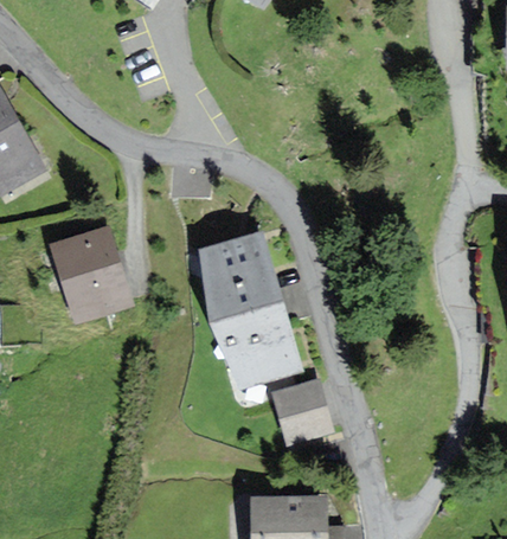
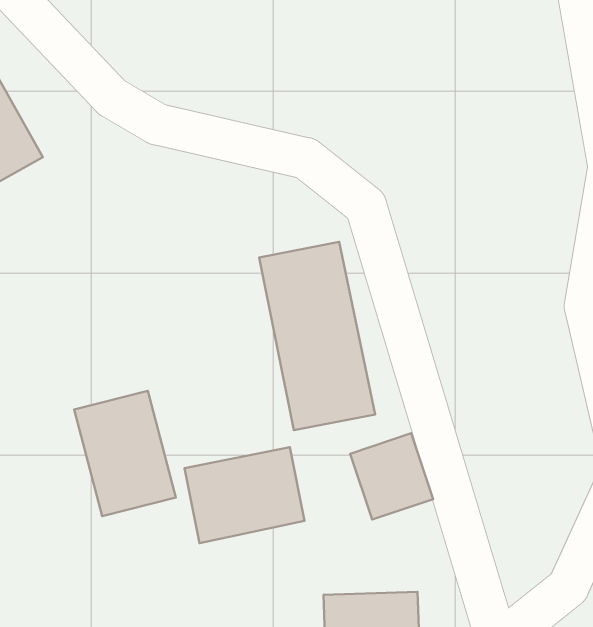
building: [54,227,131,322] -> [74,391,176,516]
building: none -> [185,447,304,543]

